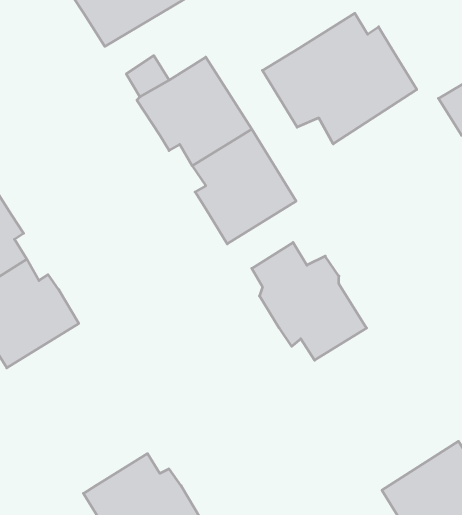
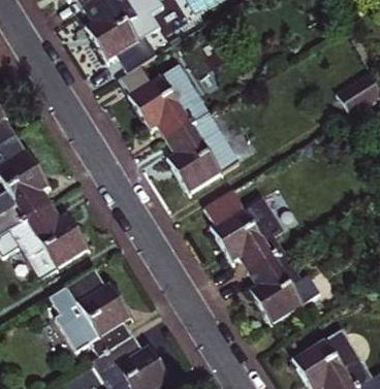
building: [262,13,417,144] -> none
building: none -> [248,251,320,326]
building: none -> [52,269,135,357]

